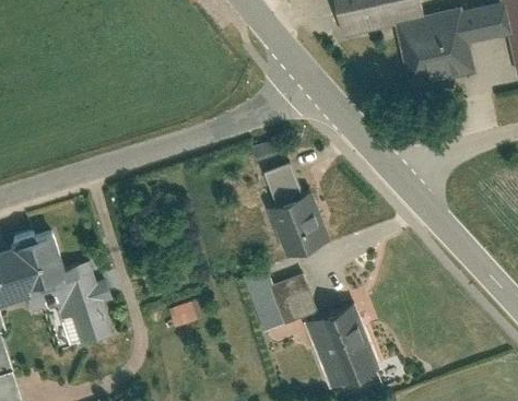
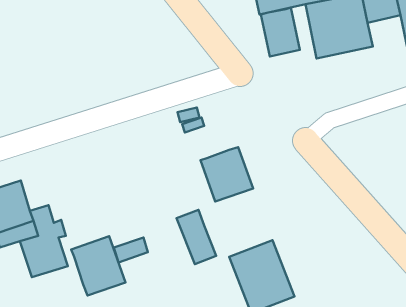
building: none -> [261,8,300,57]
building: [266,164,304,205] -> none
building: [274,274,317,321] -> none
building: none -> [71,236,126,296]

